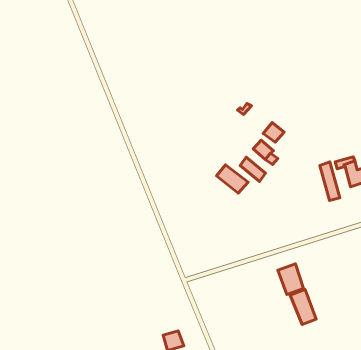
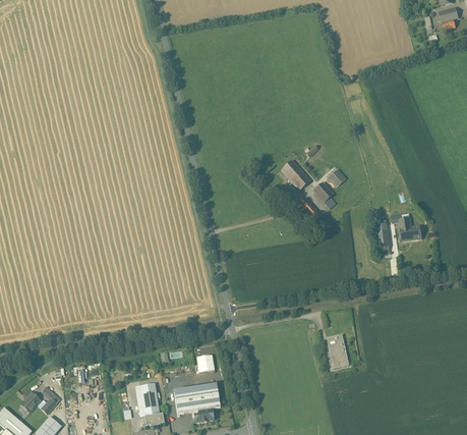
building: [217,165,248,193] -> [281,160,310,189]
building: [278,264,304,294] -> none

